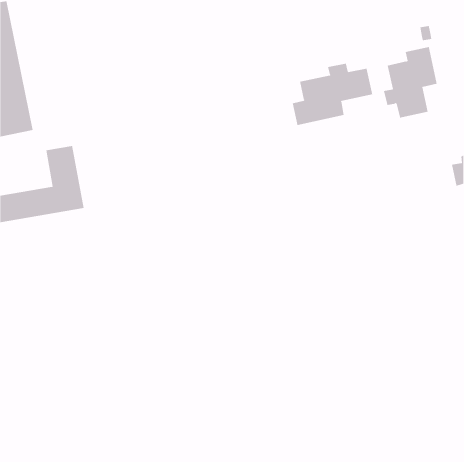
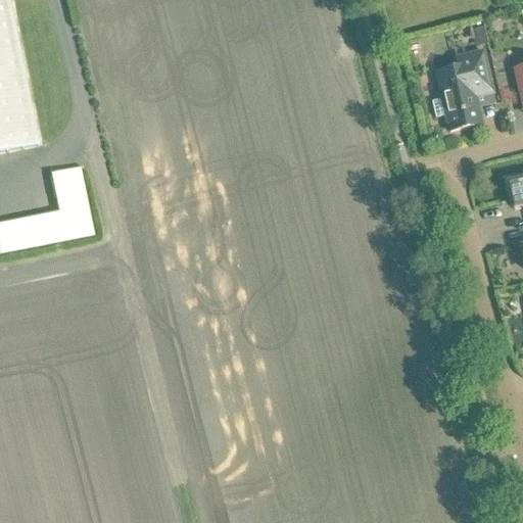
building: [292,63,373,126] -> none

